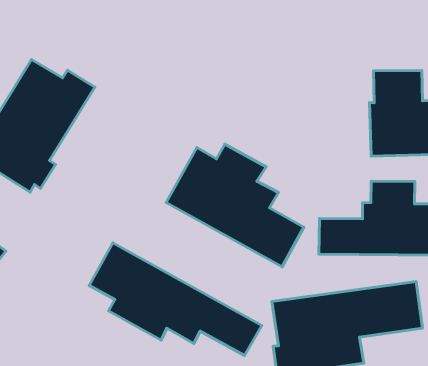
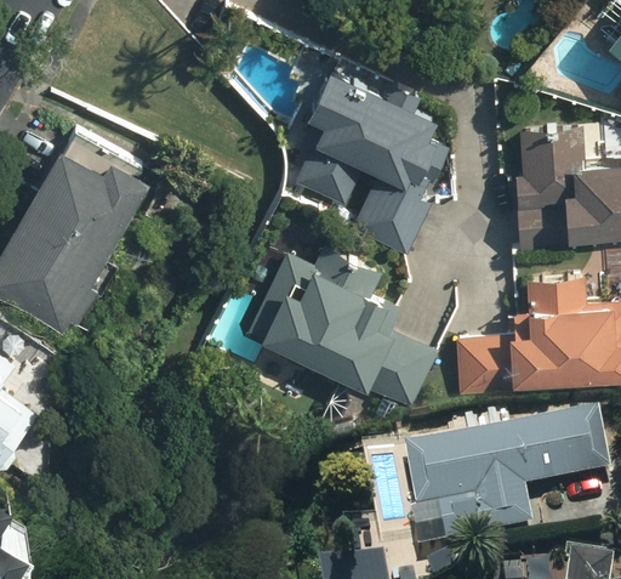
building: none -> [295,69,460,255]
building: [89,243,262,356] -> none

